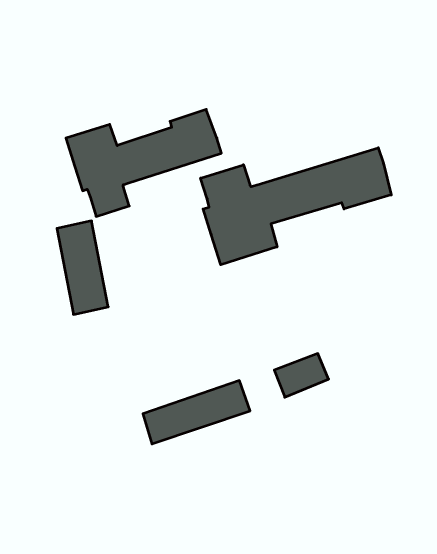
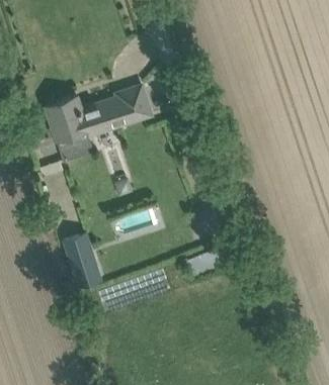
building: [201,148,391,265] -> none
building: none -> [64,235,101,287]

